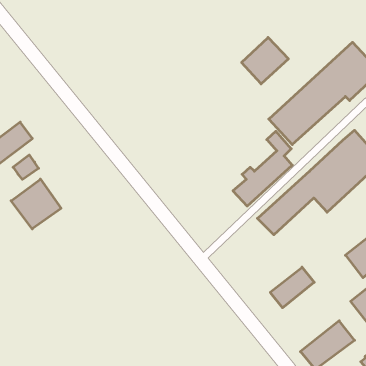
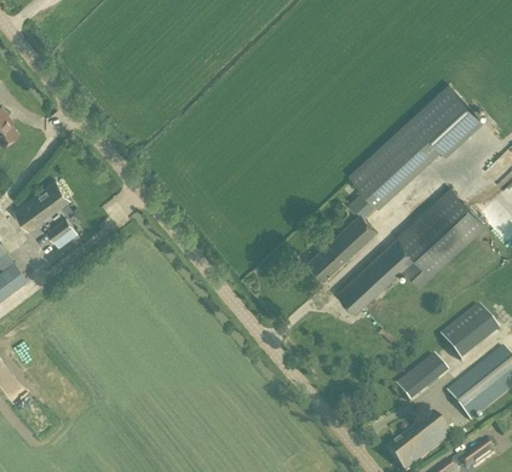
building: [242,37,288,84] -> none
building: [11,179,61,229] -> none
building: [270,267,314,308] -> [397,355,449,403]

